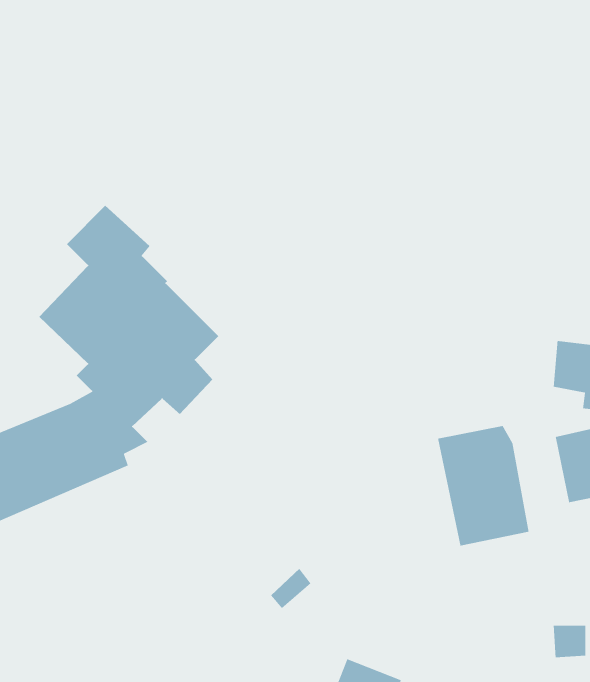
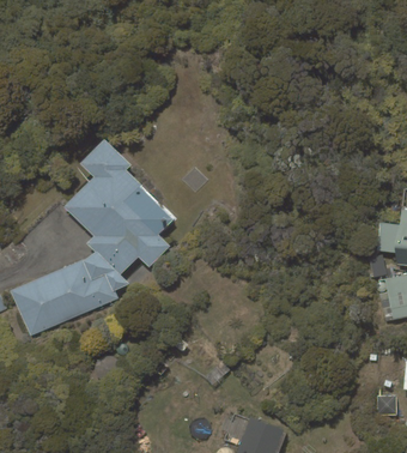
building: [437,425,530,547] -> none

